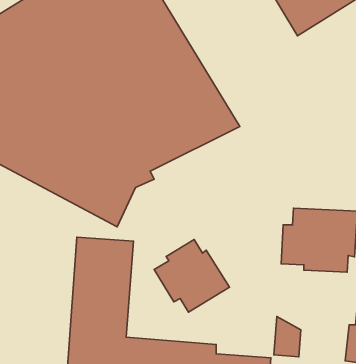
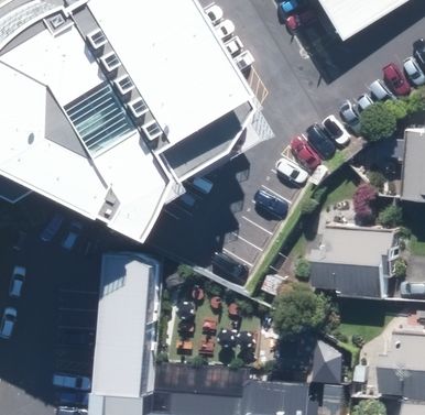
building: [154,239,230,312] -> none

